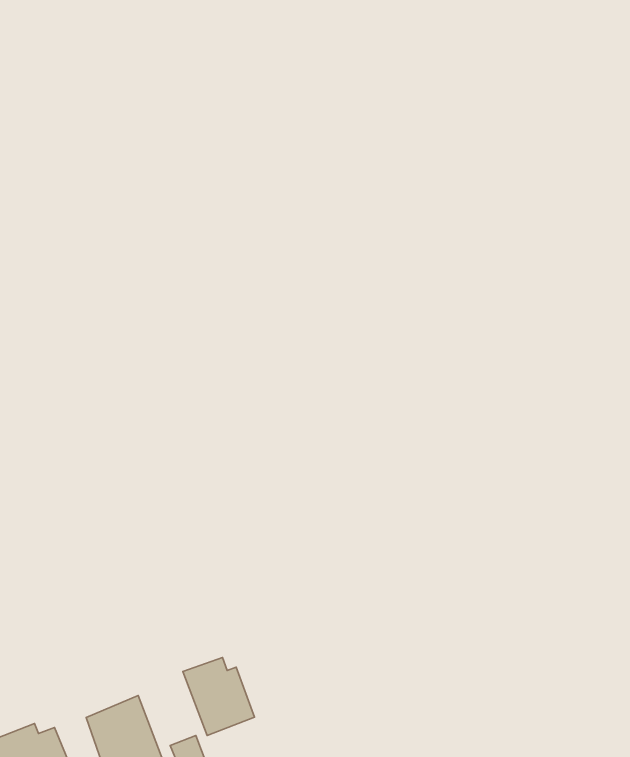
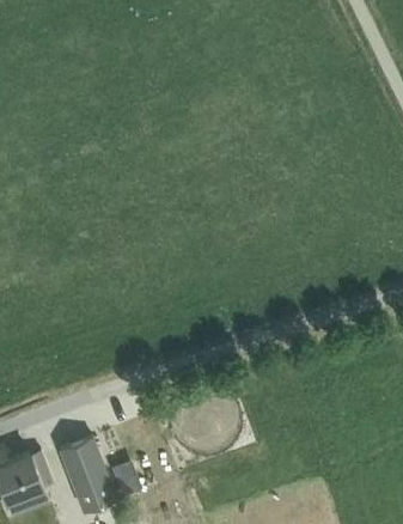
building: [183,658,254,735] -> none

